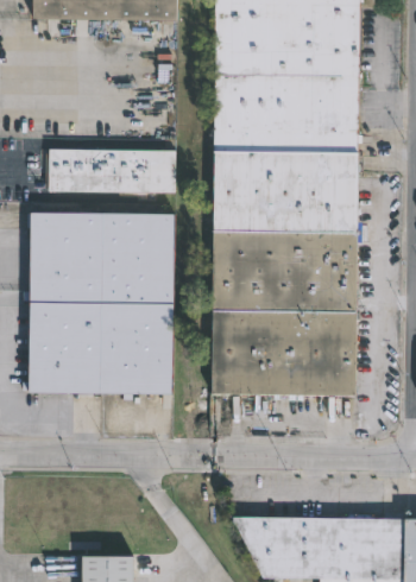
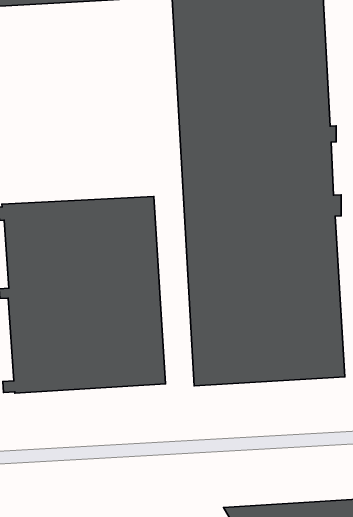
building: [48,139,177,194] -> none

